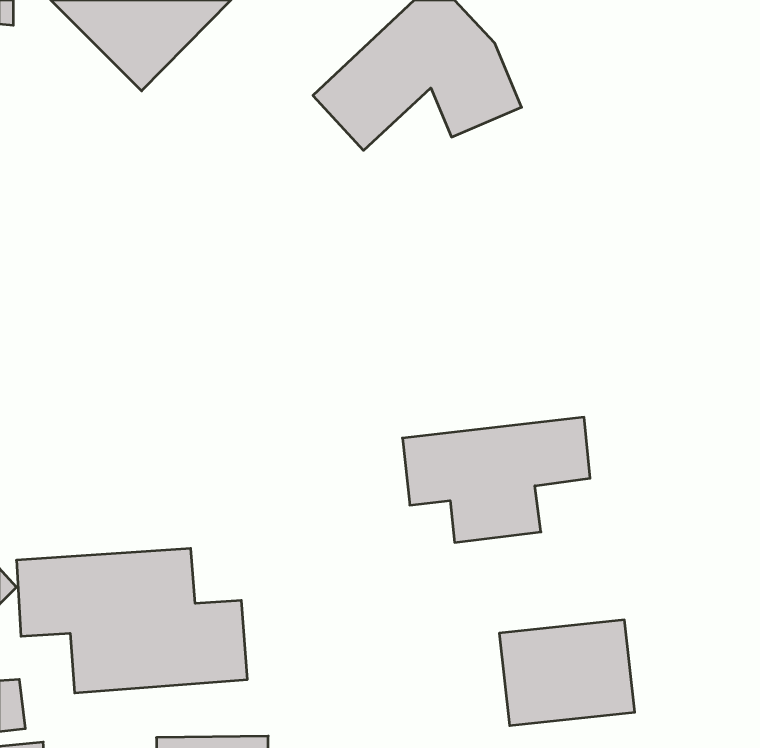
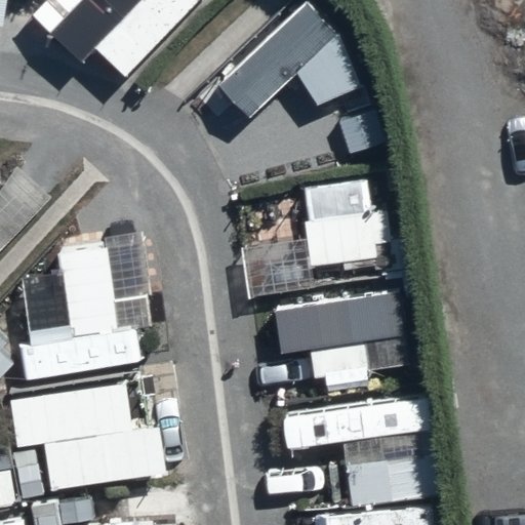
building: none -> [300,184,407,282]
building: none -> [18,236,145,382]

